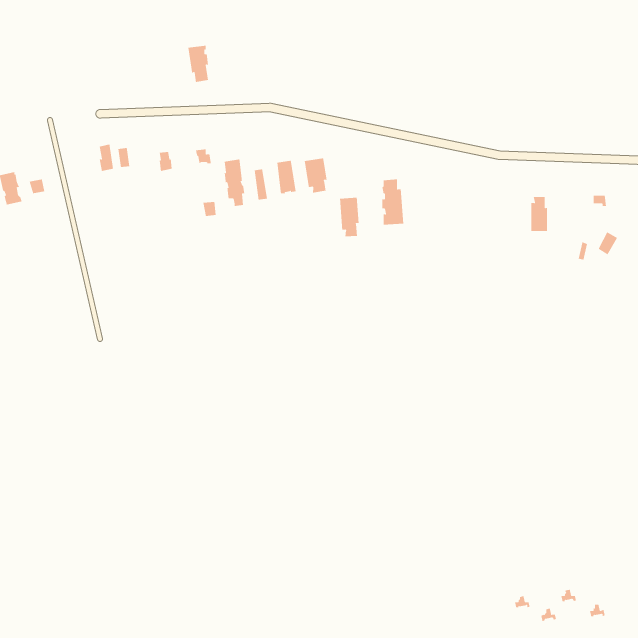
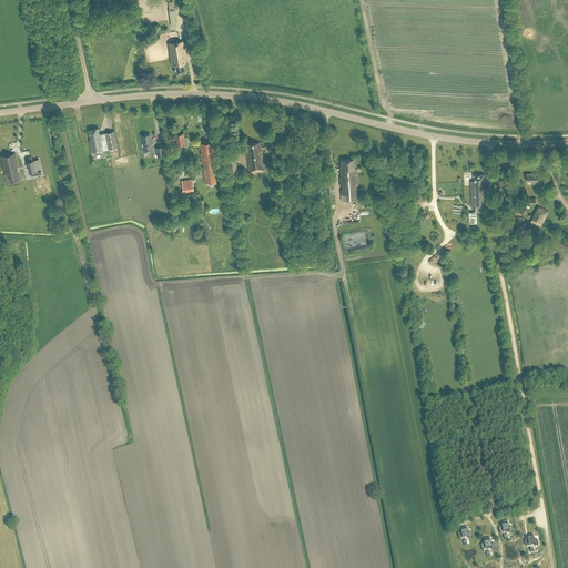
building: [304,157,327,193] -> none
building: [340,197,359,237] -> none

